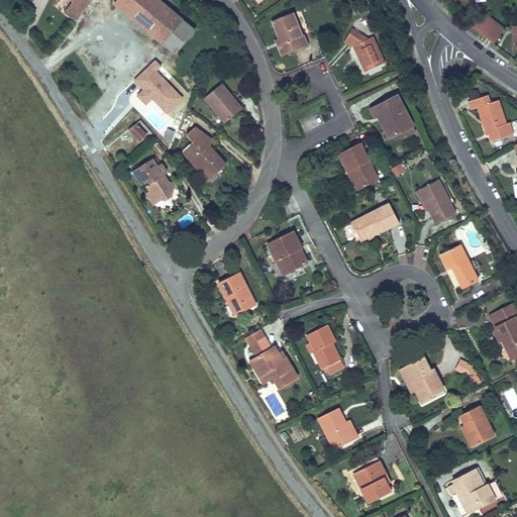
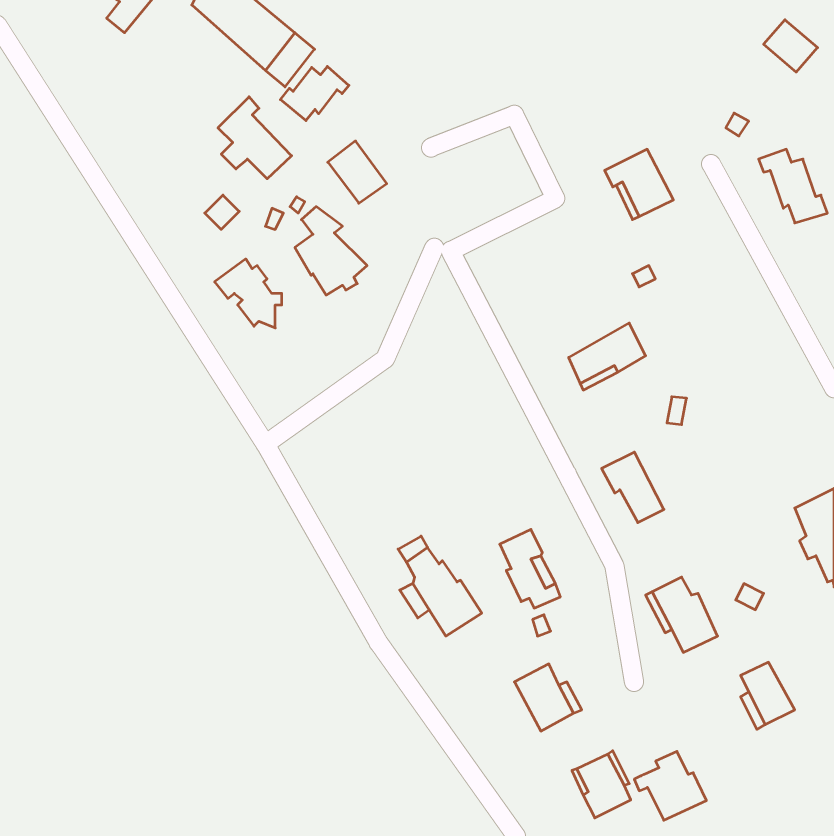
building: [276,12,311,53] -> none
building: [349,23,390,68] -> none
building: none -> [280,66,349,121]
building: [336,143,378,193] -> none
building: [418,178,455,221] -> none
building: [271,233,308,275] -> none
building: [439,243,478,287] -> [602,452,664,523]
building: [217,275,256,319] -> none
building: [448,468,493,510] -> [634,751,706,820]

